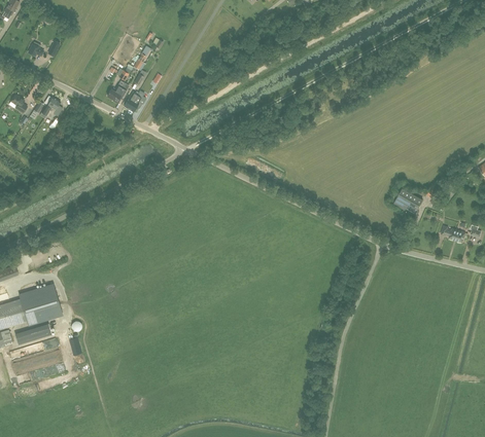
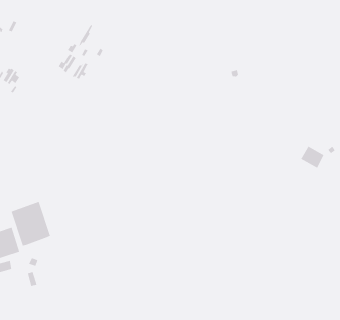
building: none -> [10,201,51,247]

